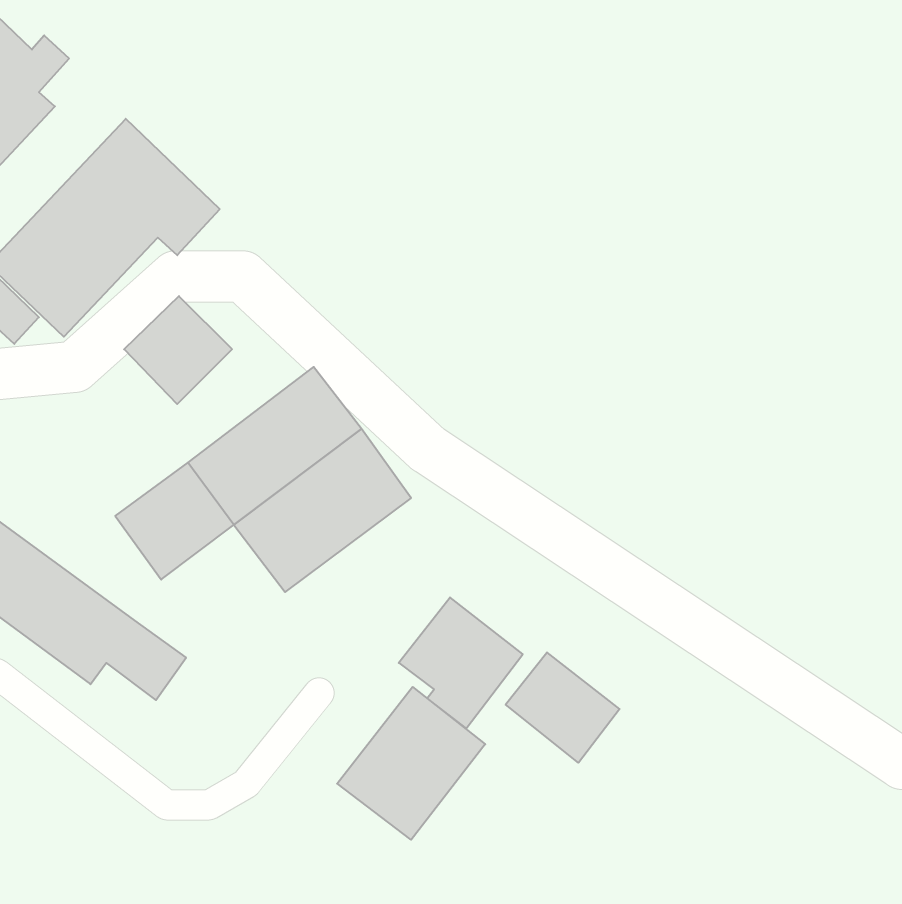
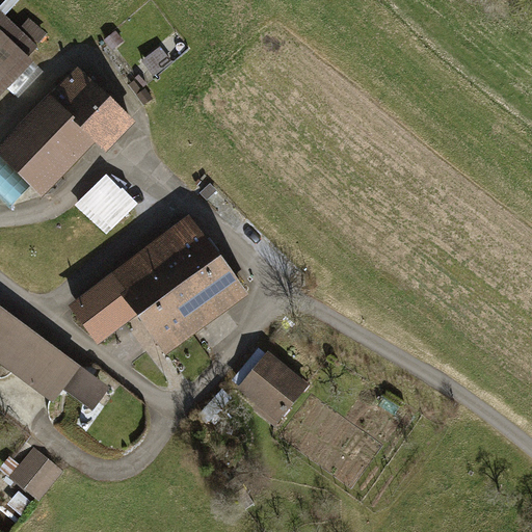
building: [506,652,620,763] -> none
building: [337,687,485,840] -> none
building: none -> [7,446,62,501]

